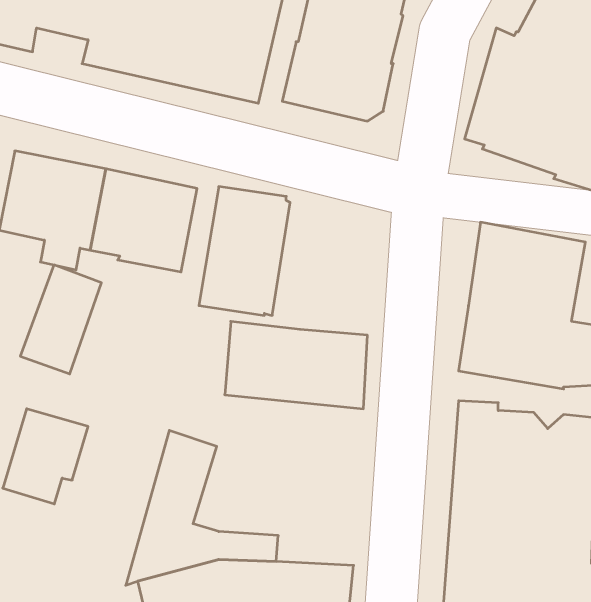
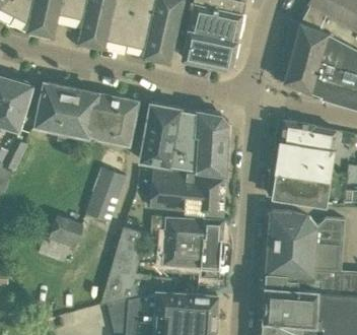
building: none -> [175,110,227,176]
building: [20,265,101,374] -> [84,168,126,223]
building: none -> [163,218,224,279]

